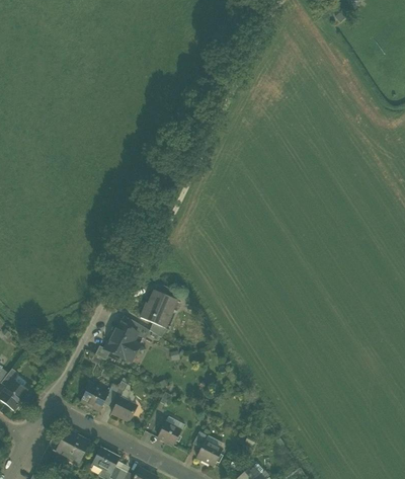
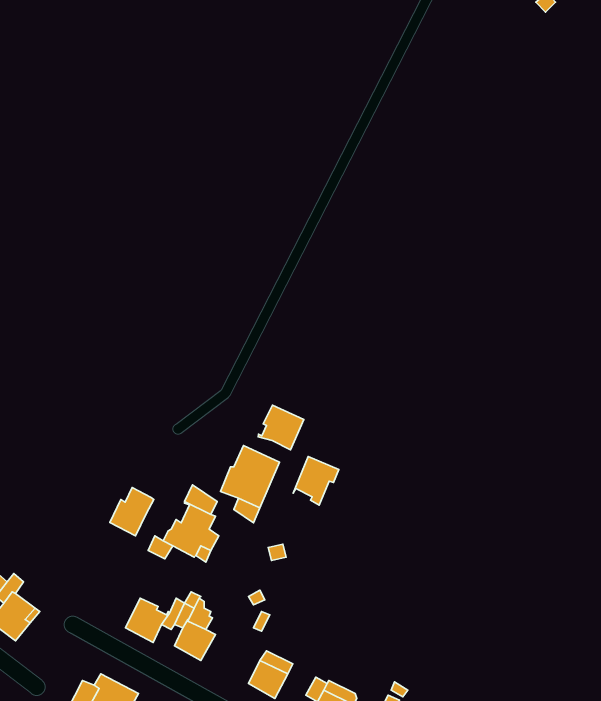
building: none -> [258,405,304,450]
building: none -> [293,456,339,505]
building: none -> [110,487,154,536]

